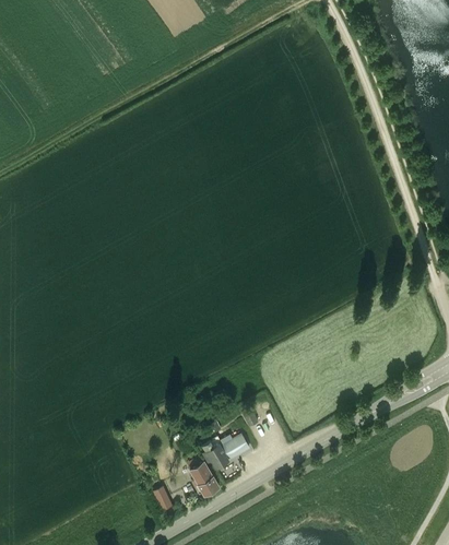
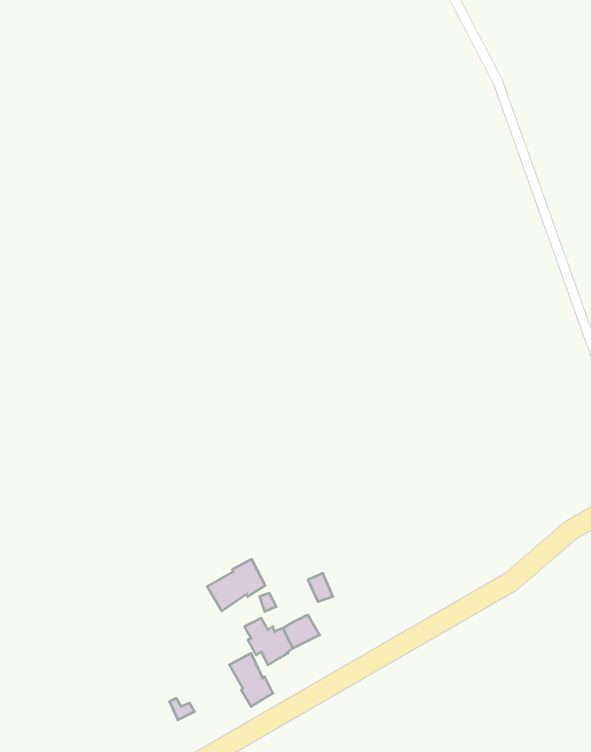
building: none -> [207,559,265,611]

